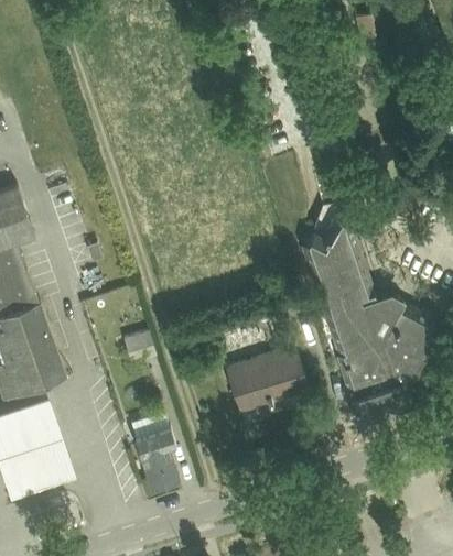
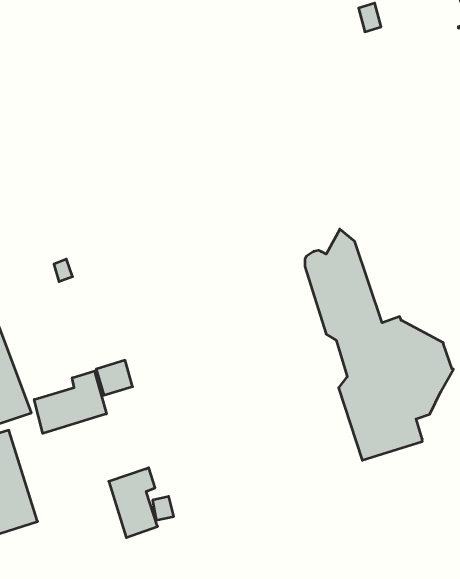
building: none -> [34,371,106,433]
building: [227,345,306,411] -> none

